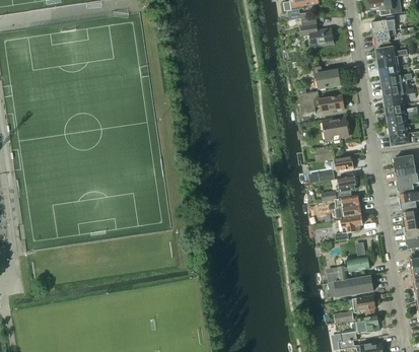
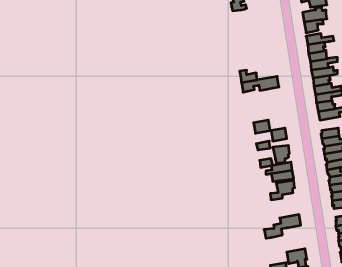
building: [300,15,334,47] -> none
building: [313,66,341,88] -> none
building: [323,118,349,141] -> none
building: [335,276,373,296] -> none

